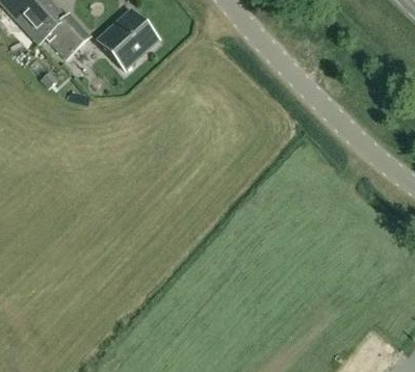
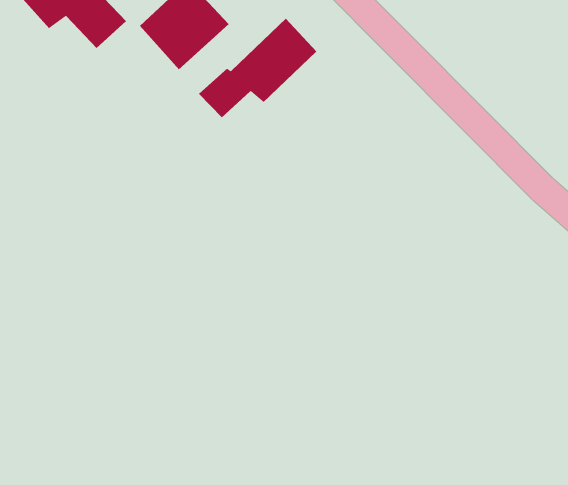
building: none -> [198,18,317,118]

